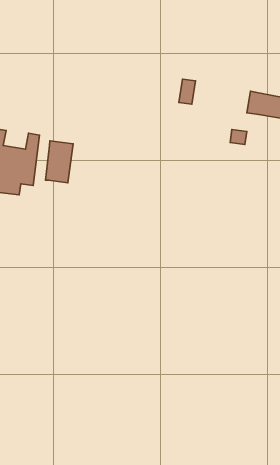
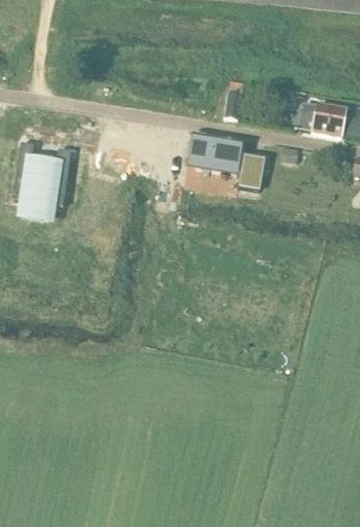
building: none -> [194,133,264,189]
building: [45,141,73,183] -> none

